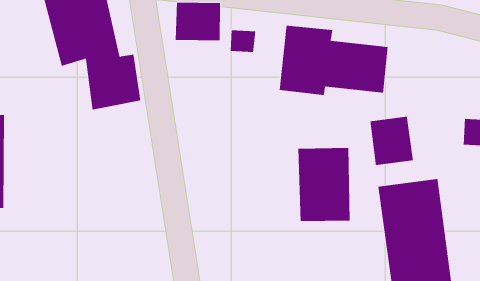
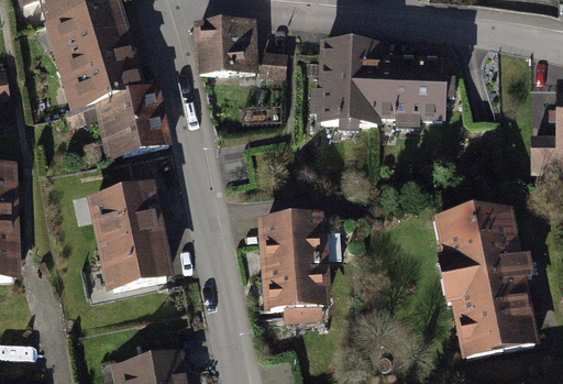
building: [370,116,414,166] -> none
building: none -> [92,191,167,286]
building: [297,147,351,222] -> [260,220,324,307]

